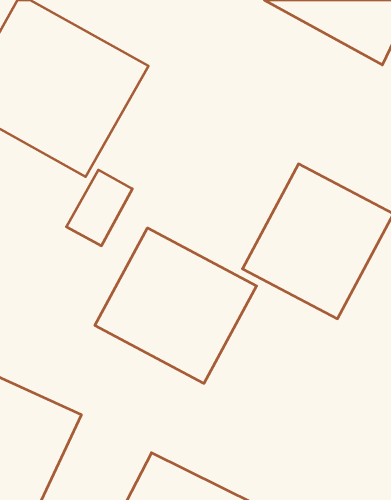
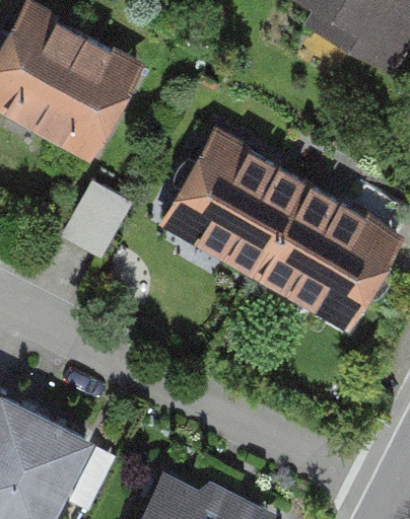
building: none -> [157,125,310,282]
building: [95,228,257,383] -> none

